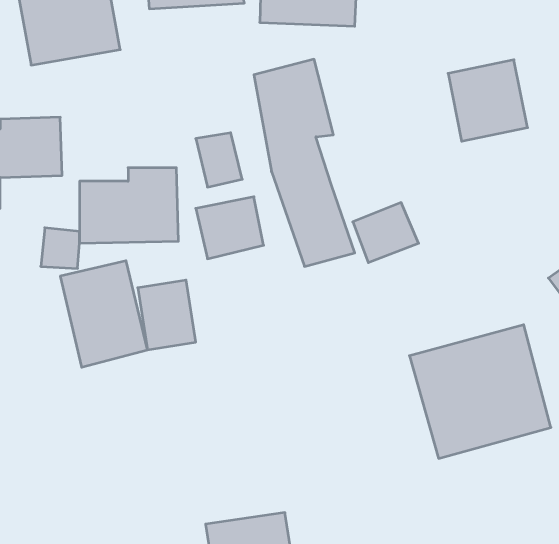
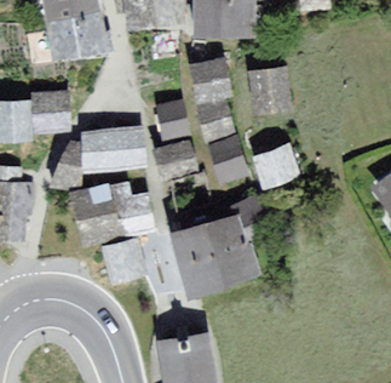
building: [448,60,528,141] -> [246,64,295,115]
building: [409,325,551,458] -> [168,208,257,292]
building: none -> [98,235,145,284]

